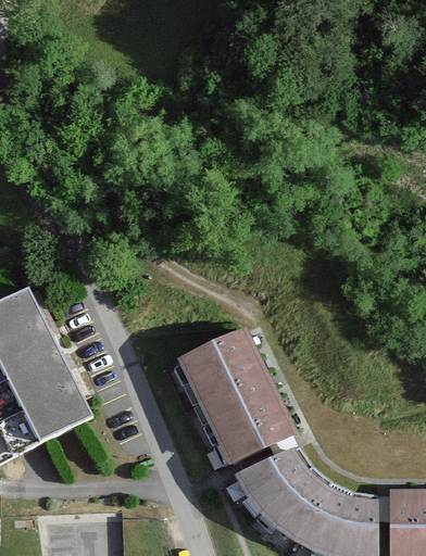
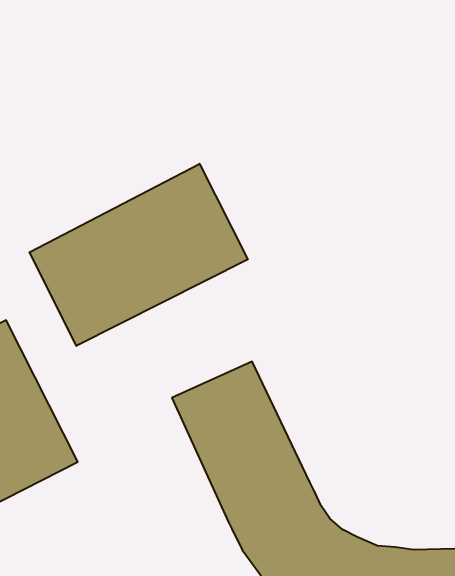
building: none -> [29,164,248,346]

